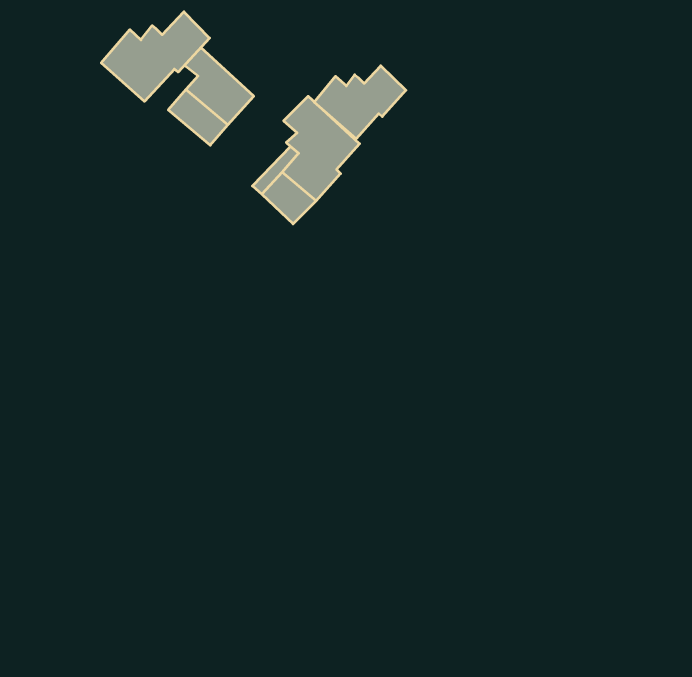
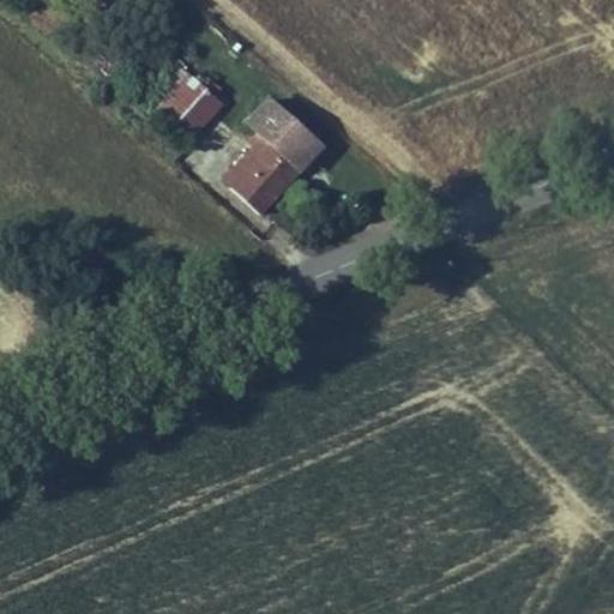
building: [101,12,210,101] -> none
building: [314,66,406,139] -> none

